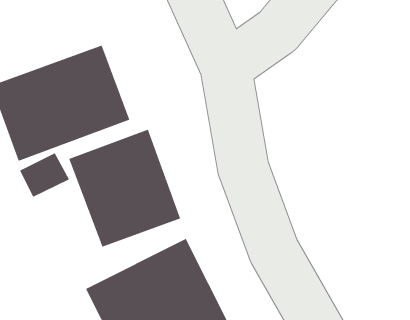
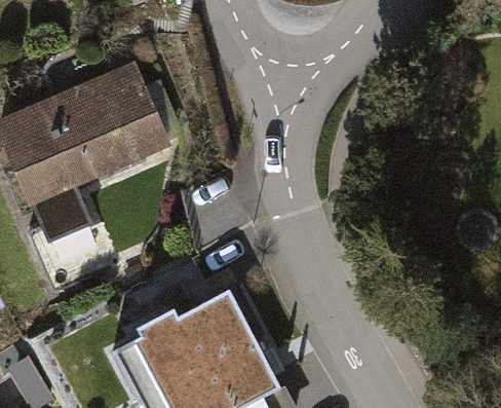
building: [68,129,181,248] -> none

